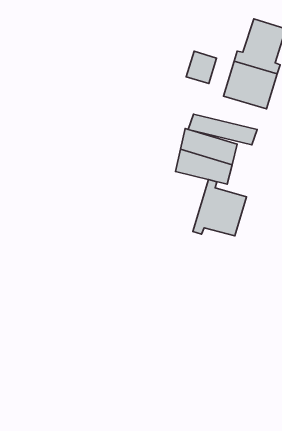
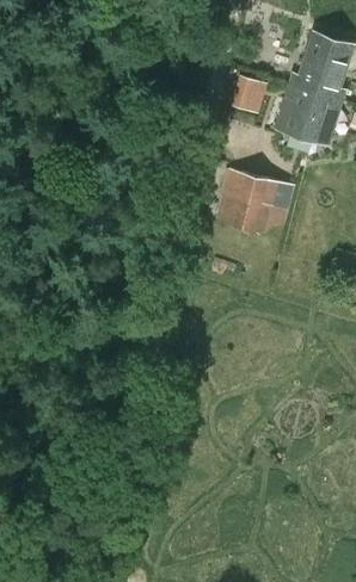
building: [188,114,257,145] -> none
building: [193,180,247,236] -> none

